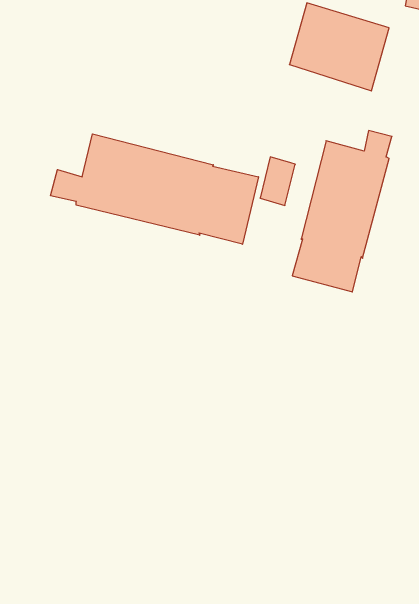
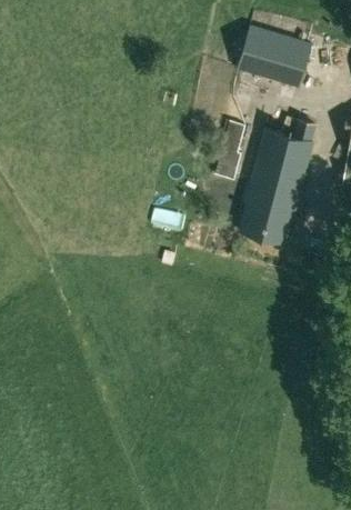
building: [51,134,258,244] -> none

